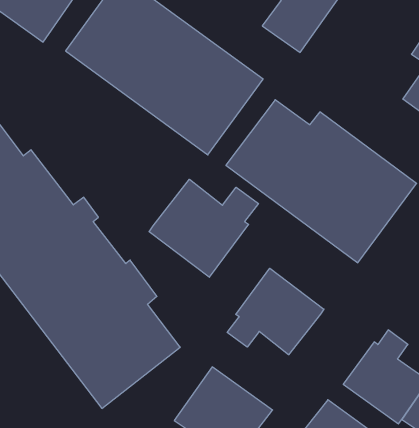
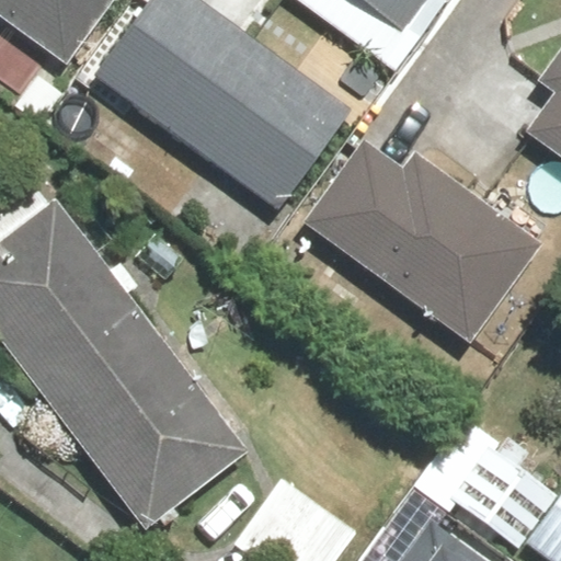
building: [149,179,258,277] -> none
building: [227,268,324,355] -> none

